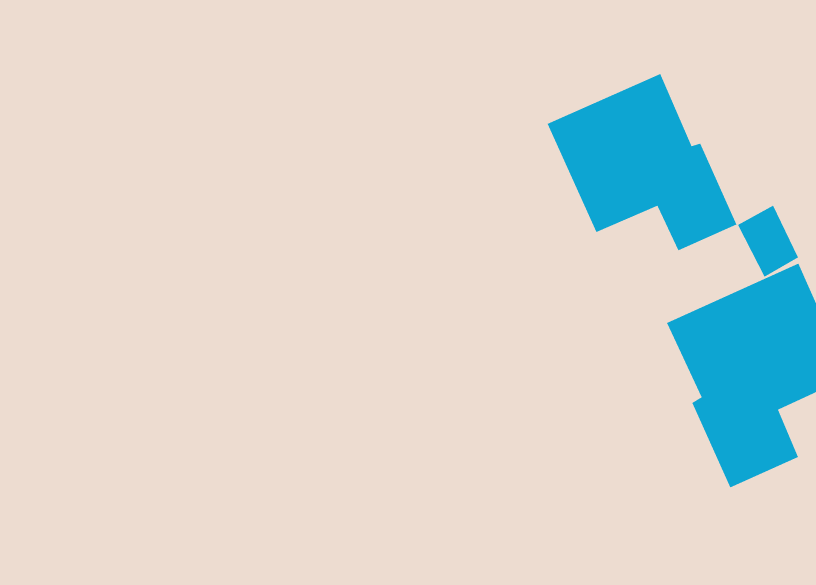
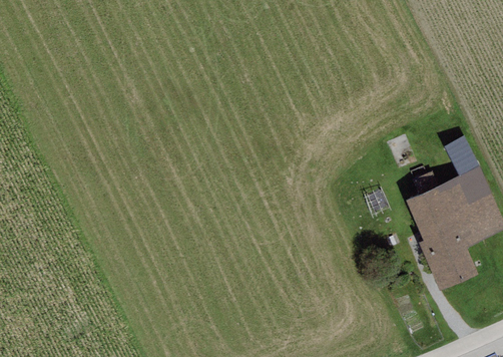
building: [547,73,737,251] -> none

